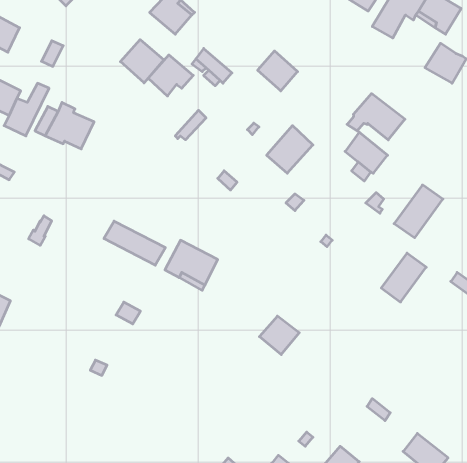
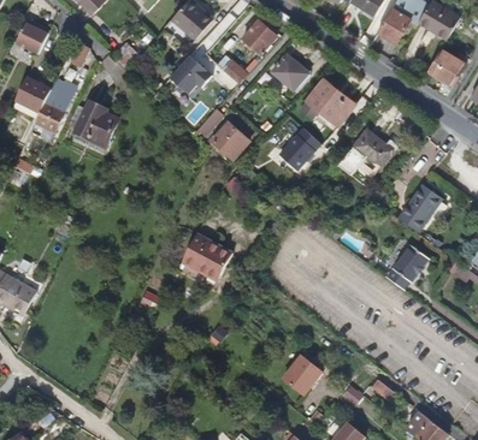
building: none -> [241,19,276,54]
building: [120,40,164,83] -> none
building: [347,94,405,140] -> [300,79,354,123]
building: none -> [210,123,247,160]
building: [104,221,165,265] -> none
building: [259,316,299,355] -> [284,356,321,392]

